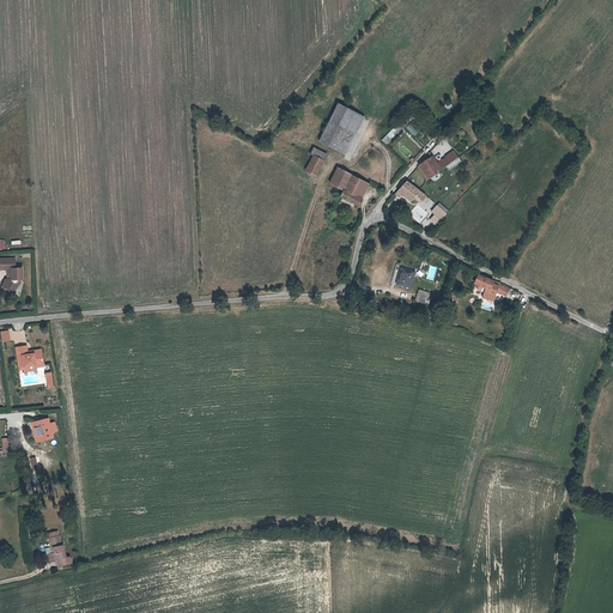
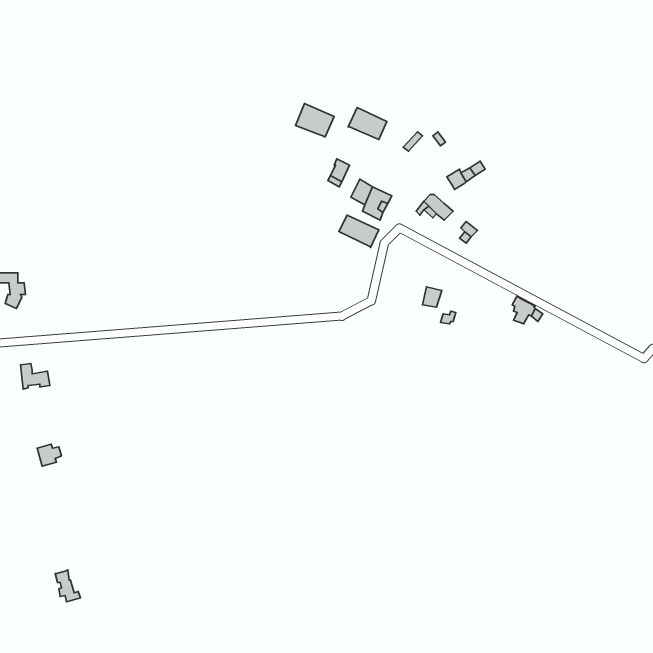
building: [318,120,354,151] -> [296,104,334,137]
building: none -> [339,215,379,248]

